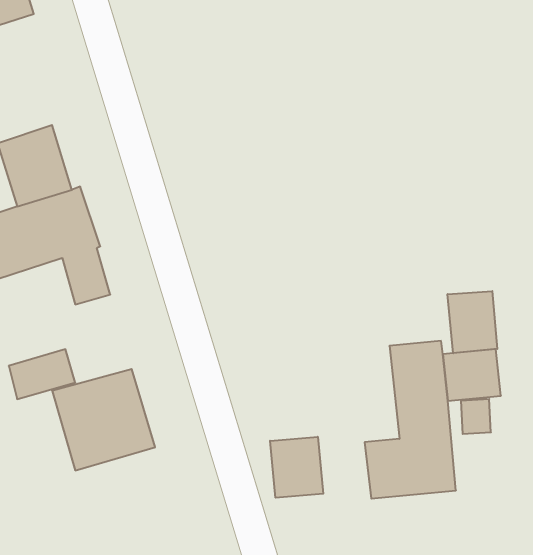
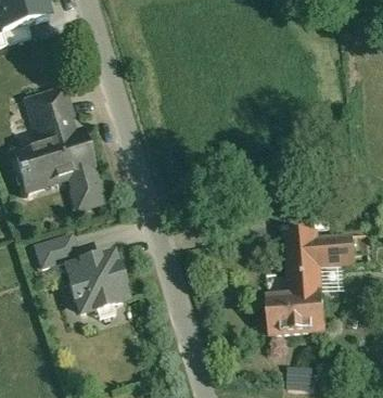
building: [448,291,497,353] -> none
building: [270,437,323,498] -> none

